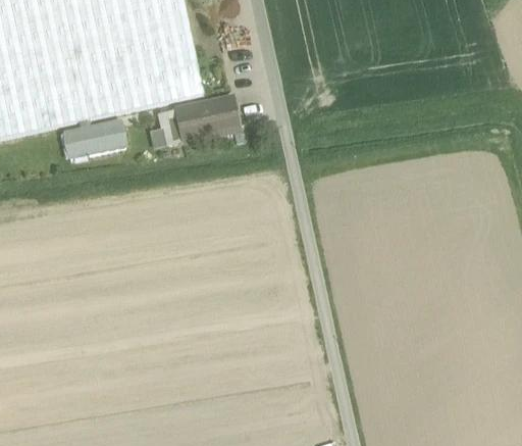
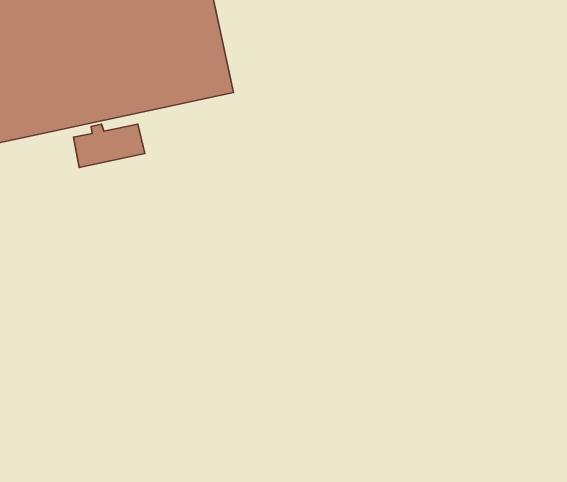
building: [162,100,241,146] -> none

